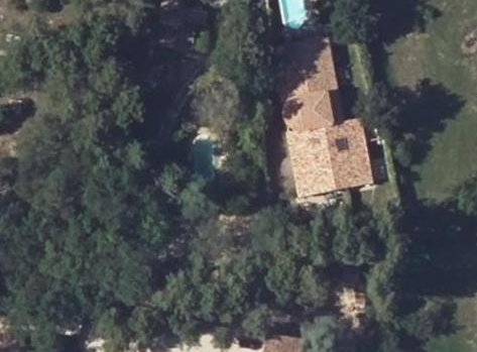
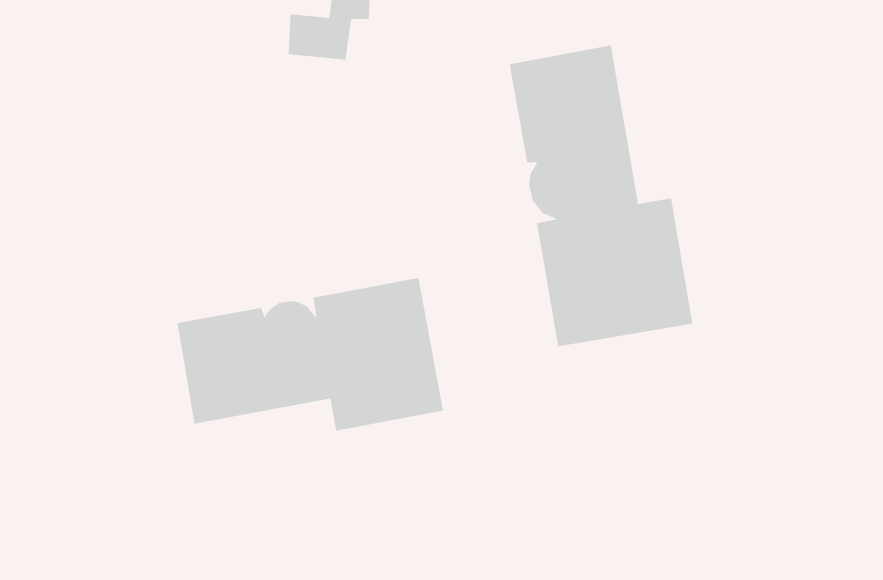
building: none -> [177,277,444,432]

